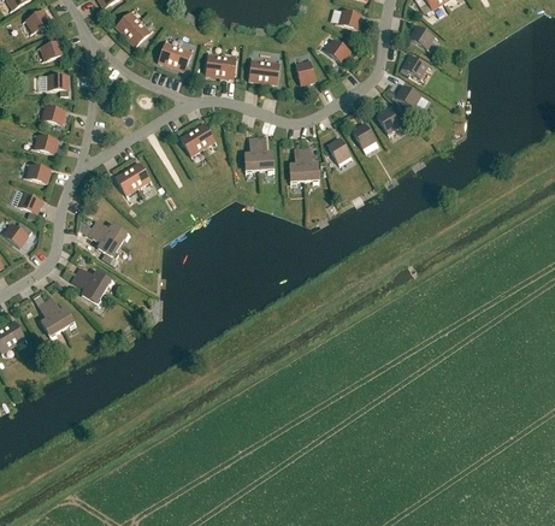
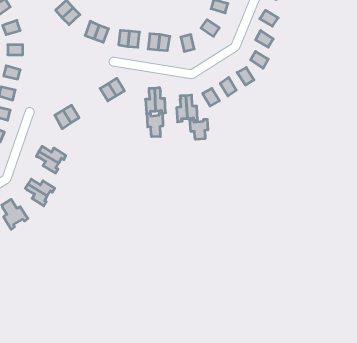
building: none -> [147,113,163,137]
building: none -> [190,119,208,139]

